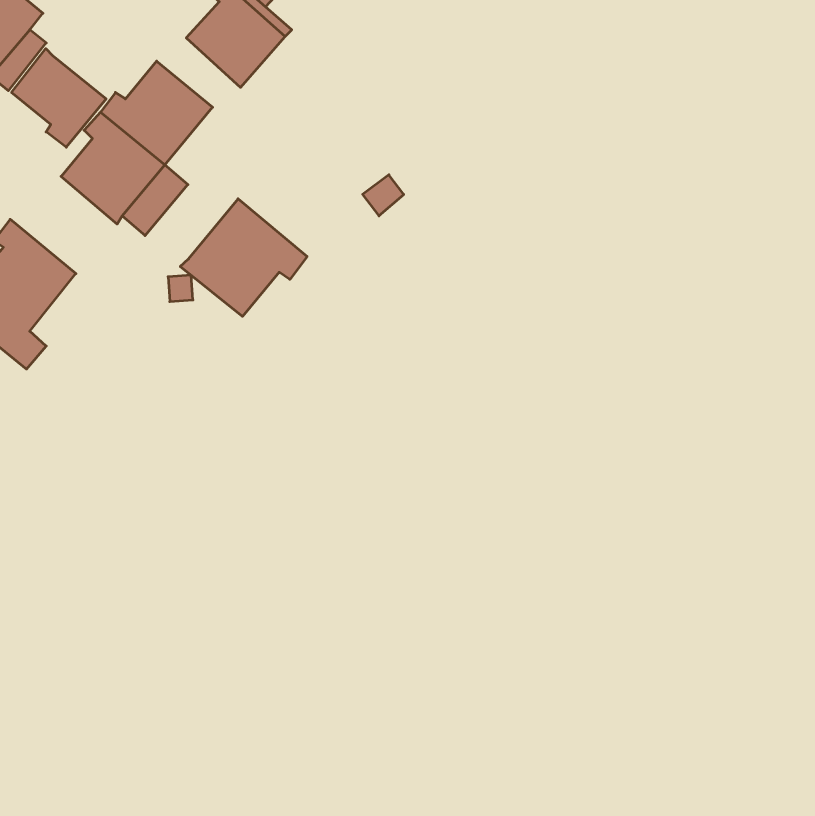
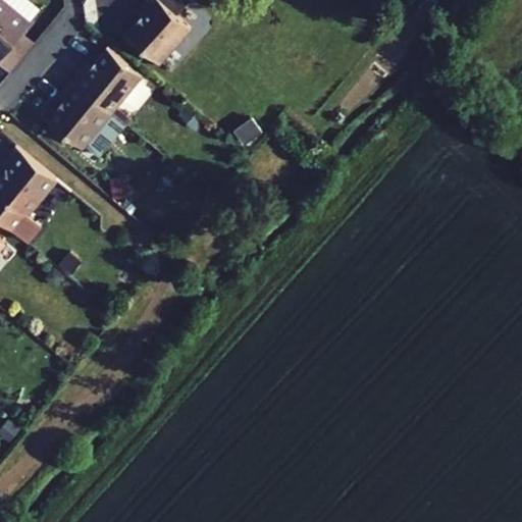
building: [12,49,106,147] -> none
building: [180,199,307,316] -> none

